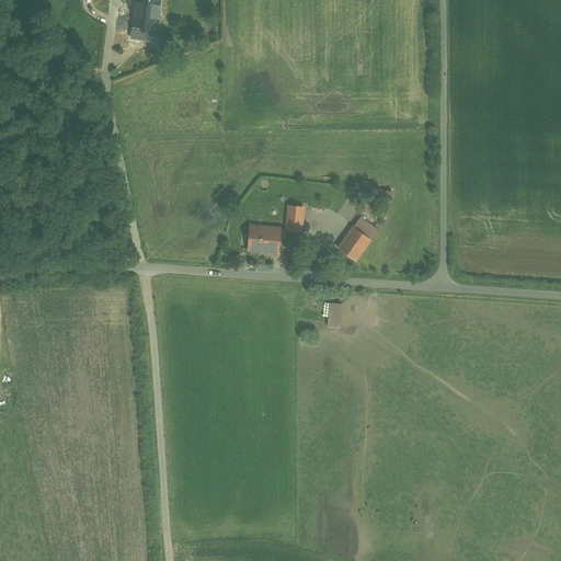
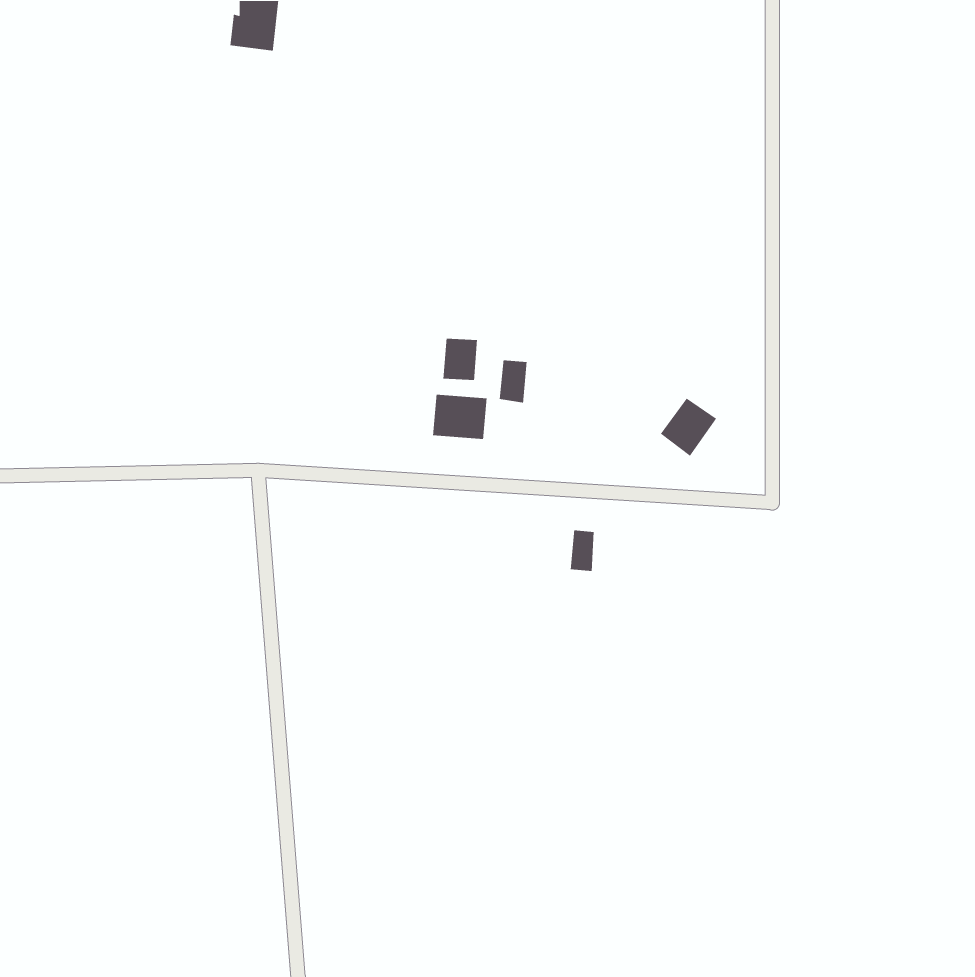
building: none -> [443,338,478,381]
building: [337,227,370,261] -> [660,398,717,457]

